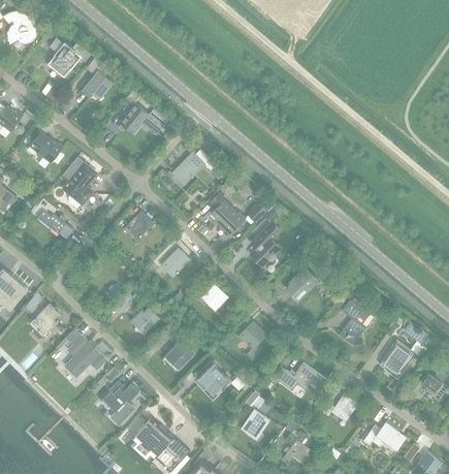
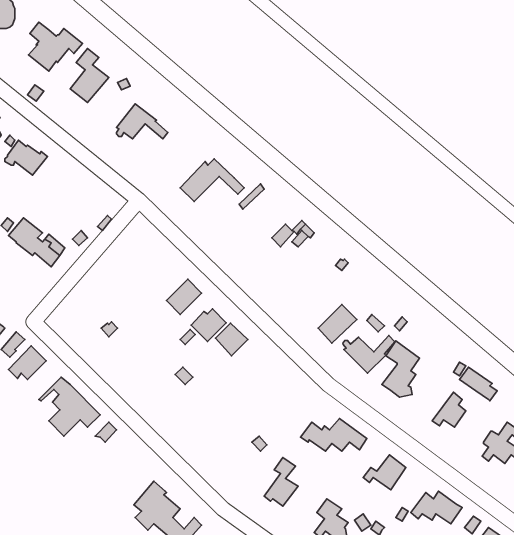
building: [63,157,95,201] -> none
building: [211,192,246,233] -> none
building: [124,211,153,241] -> none
building: [251,221,281,264] -> none
building: none -> [343,336,395,373]
building: [131,307,160,334] -> [191,309,226,342]
building: [238,322,266,358] -> none
building: [166,341,194,367] -> none
building: [196,364,228,399] -> none
building: [100,380,138,426] -> none

